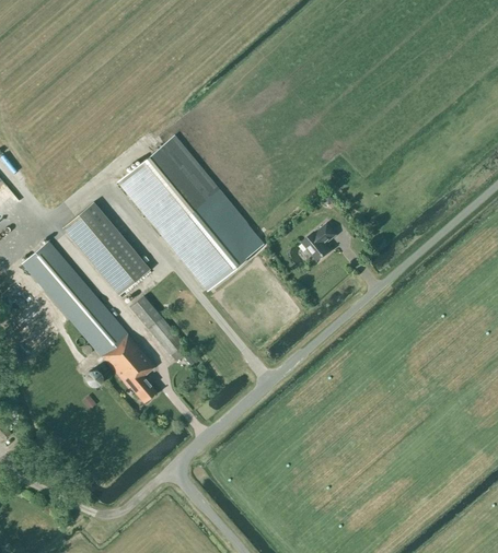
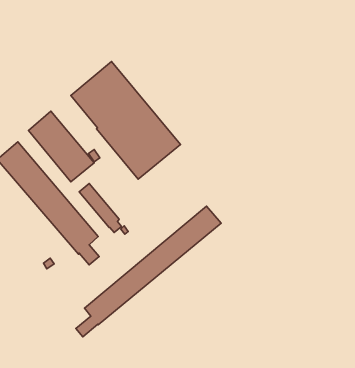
building: [302,222,337,260] -> none
building: none -> [76,206,221,337]

